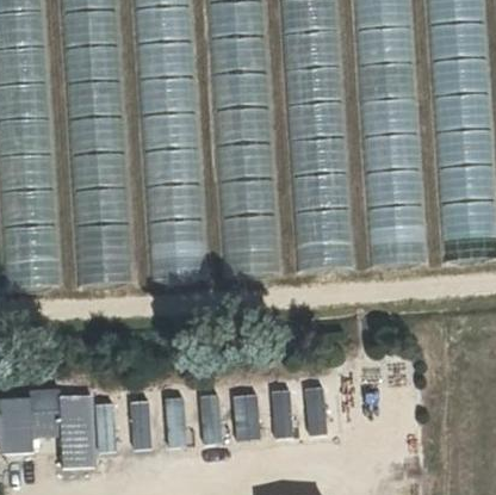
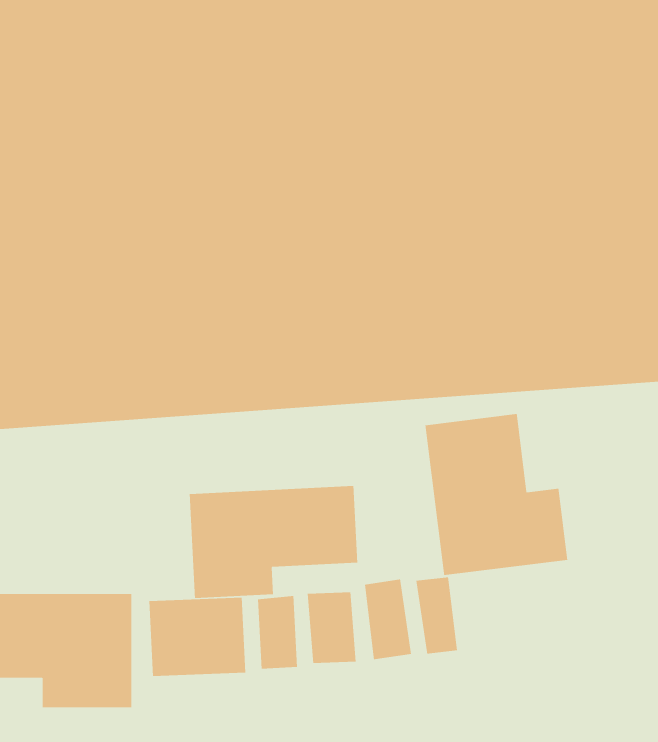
building: none -> [425,413,568,576]
building: none -> [189,485,358,599]

